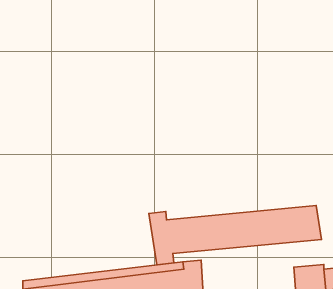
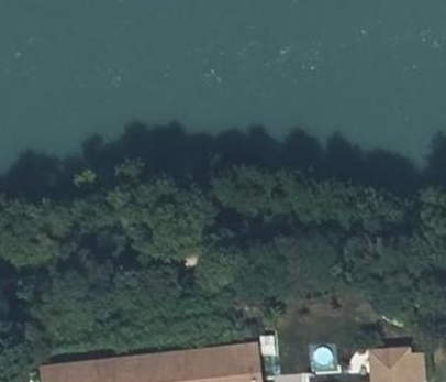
building: [149,206,321,265] -> none

